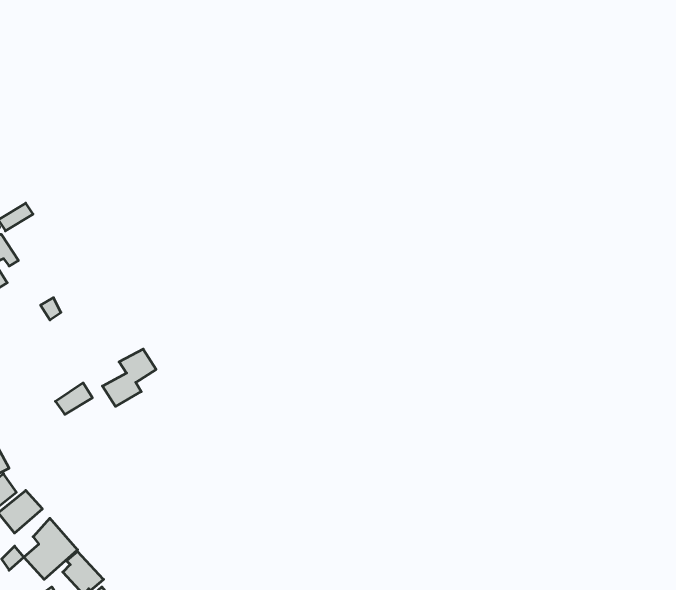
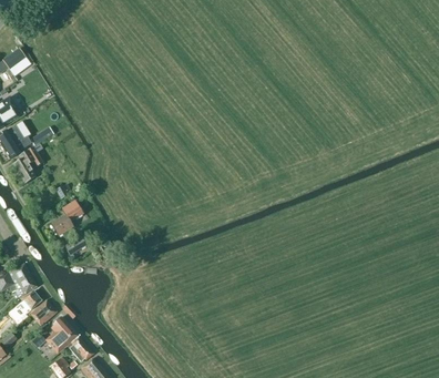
building: [102,349,156,406] -> [50,202,82,236]

